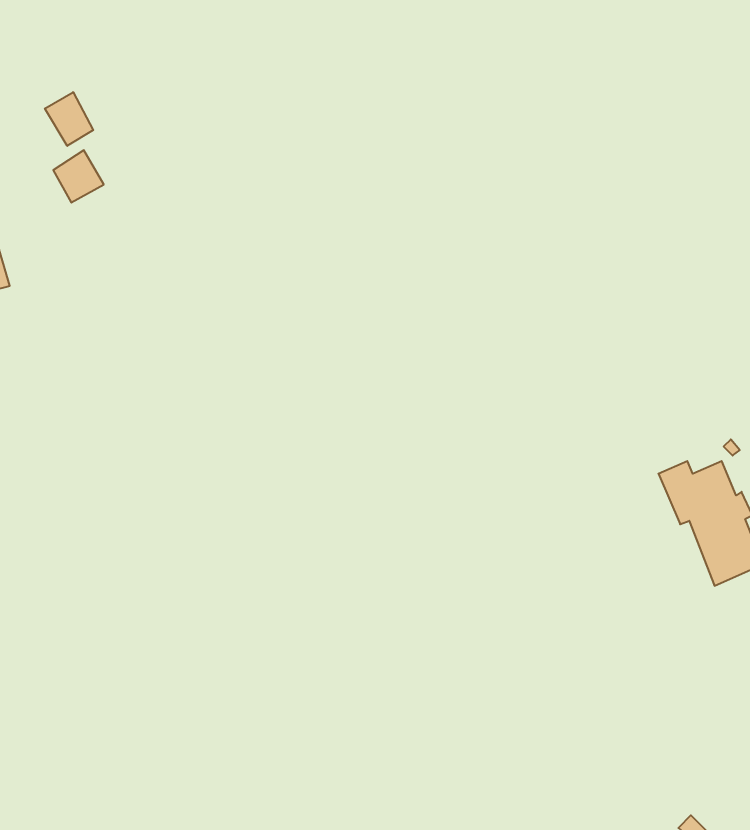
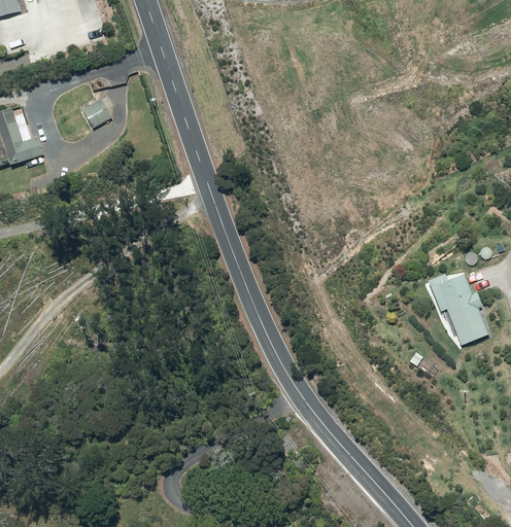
building: [45,92,93,146] -> none

